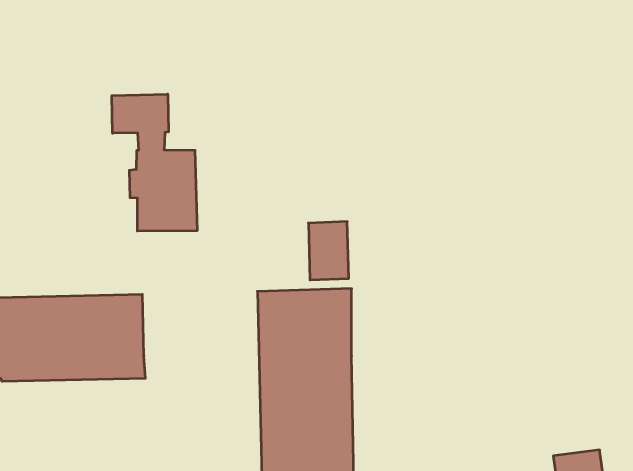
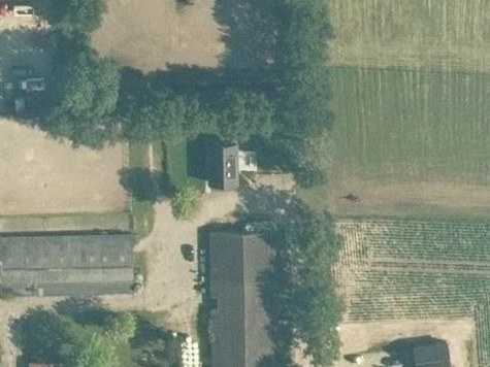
building: [112,94,197,231] -> none
building: [308,222,349,280] -> [206,143,234,184]

